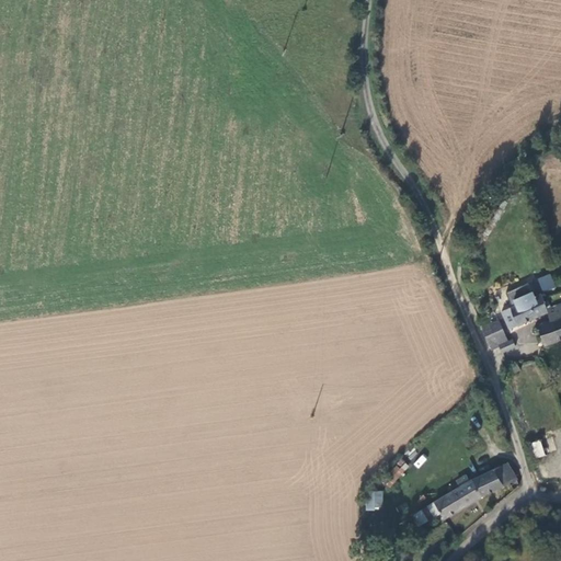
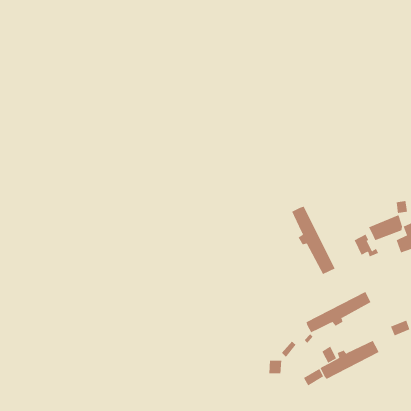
building: none -> [291,206,335,275]
building: none -> [306,291,371,334]

